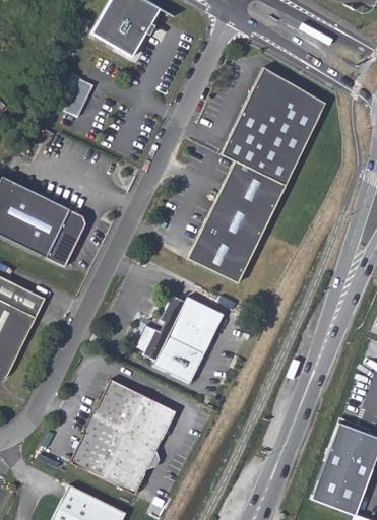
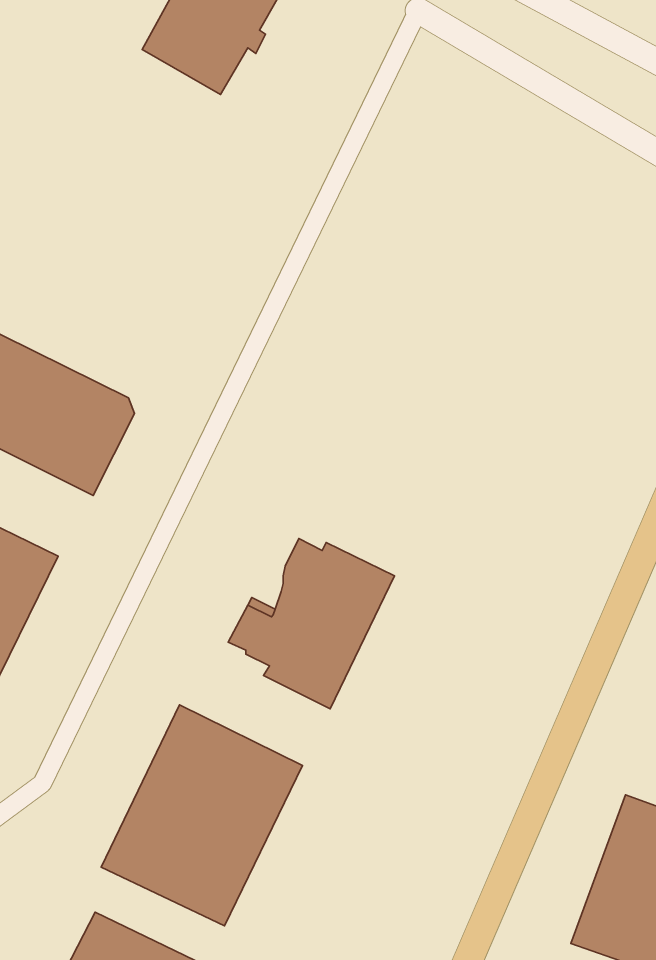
building: [188,68,328,283] -> none
building: [65,80,92,118] -> none

